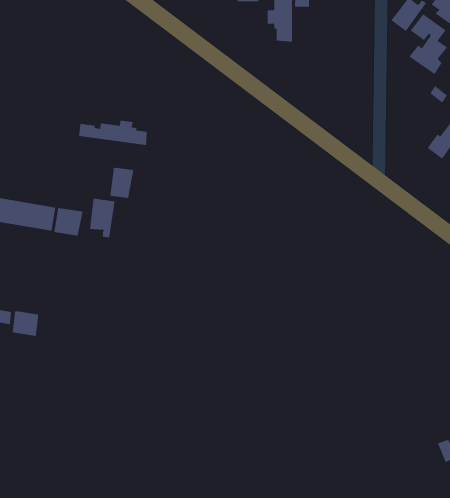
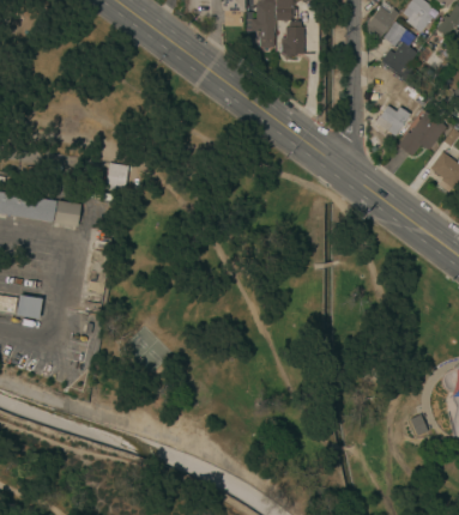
building: none -> [282,26,304,57]
building: none -> [376,104,412,134]
building: [78,120,147,146] -> none
building: [89,198,115,238] -> none

